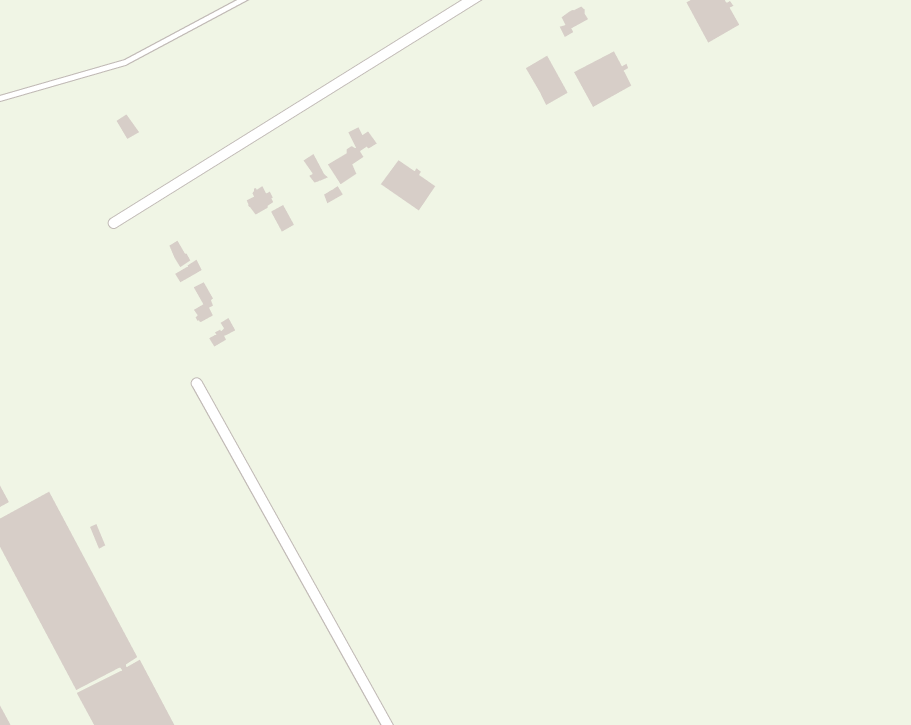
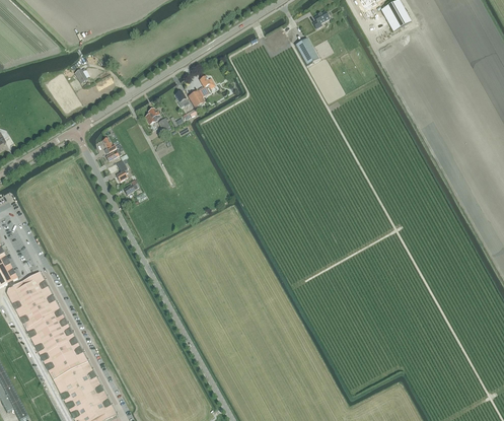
building: [573,51,632,108] -> none
building: [380,159,436,211] -> none

